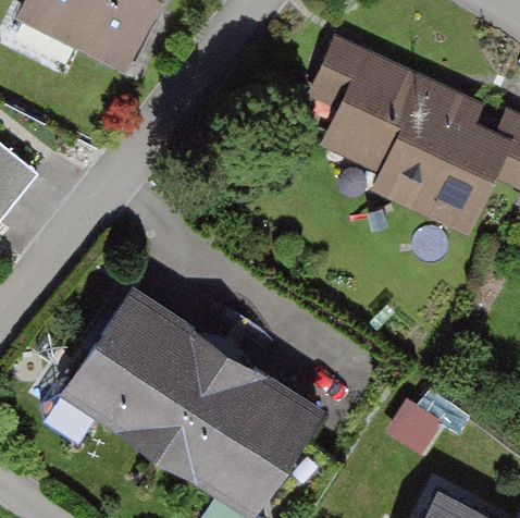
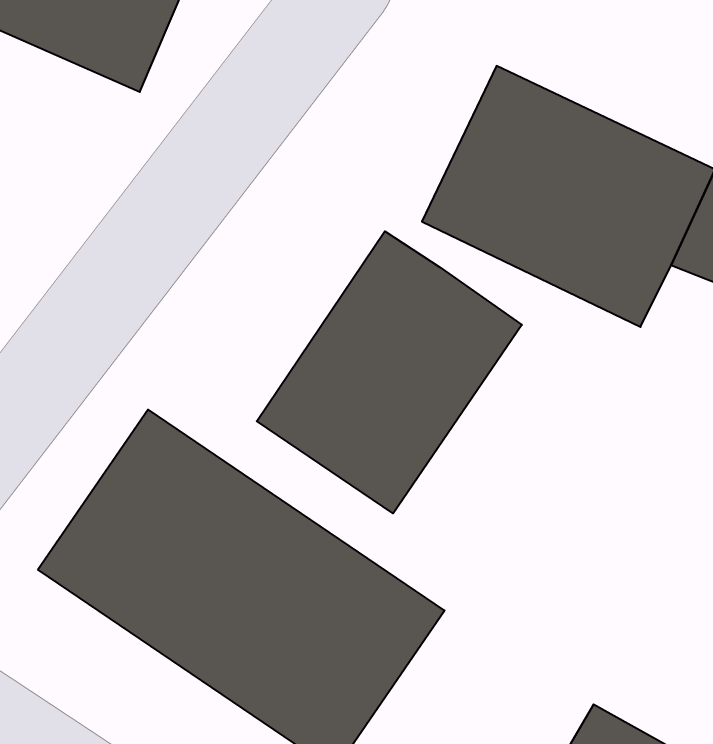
building: none -> [257,231,522,513]

